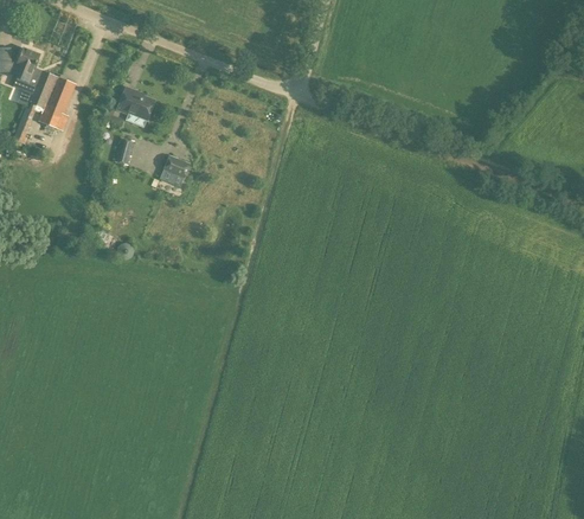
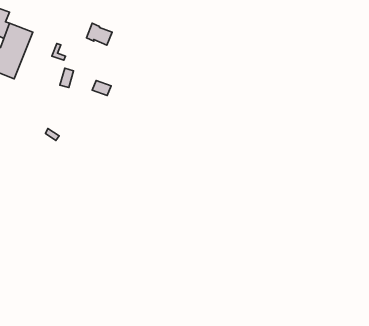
building: [117,88,155,120] -> [87,23,112,45]

